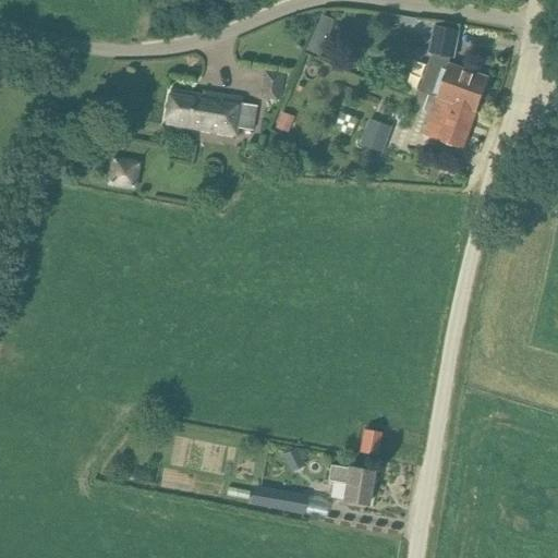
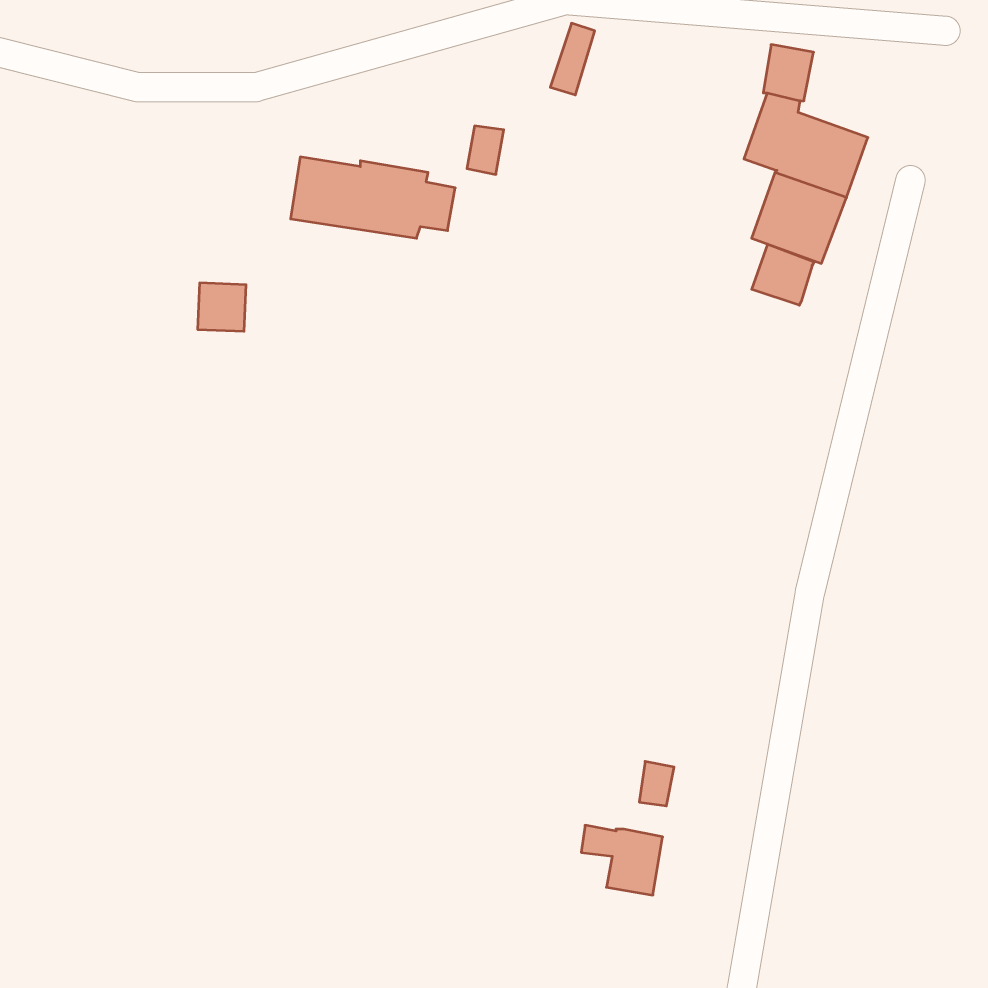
building: [361,119,391,150] -> none
building: none -> [752,244,814,305]
building: [255,486,305,514] -> none

